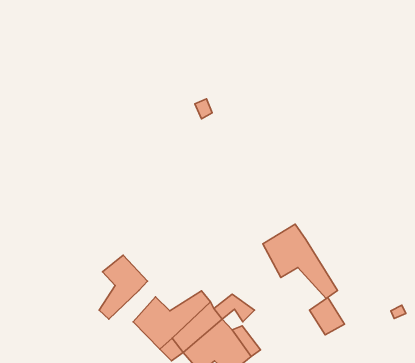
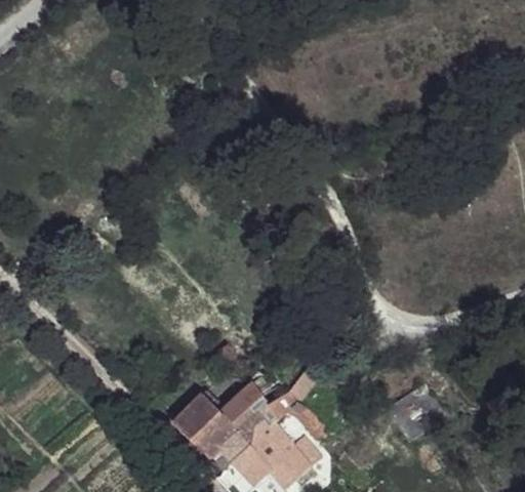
building: [263,224,337,299] -> none
building: [99,255,148,319] -> none

